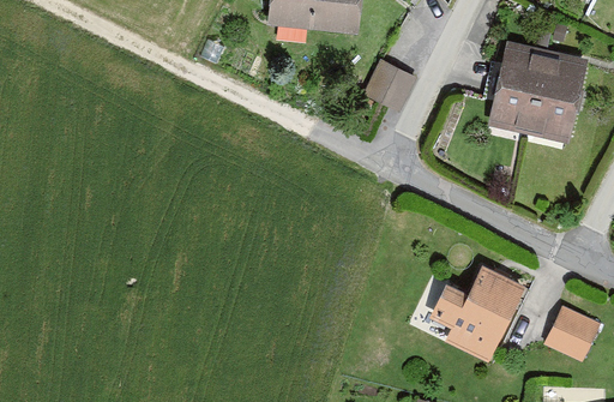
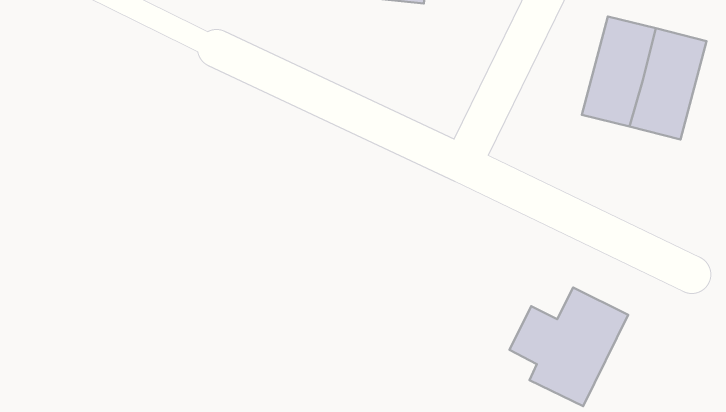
building: [365,58,416,108] -> none
building: [542,300,602,358] -> none

